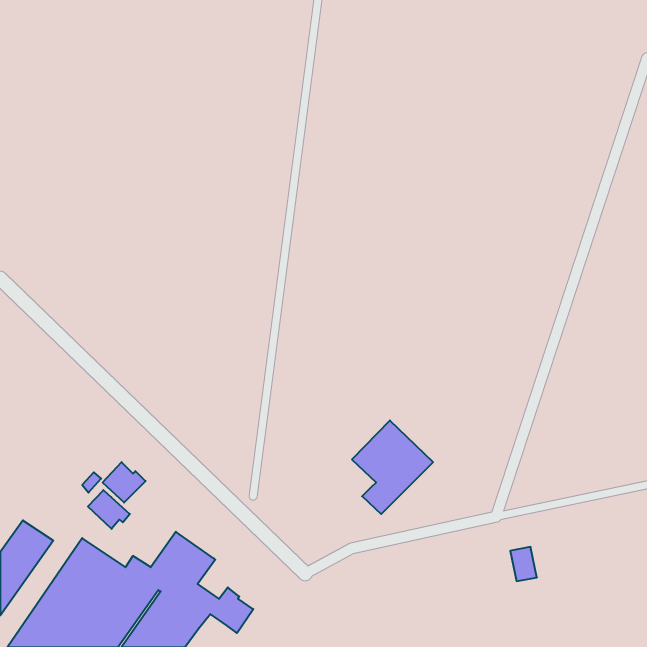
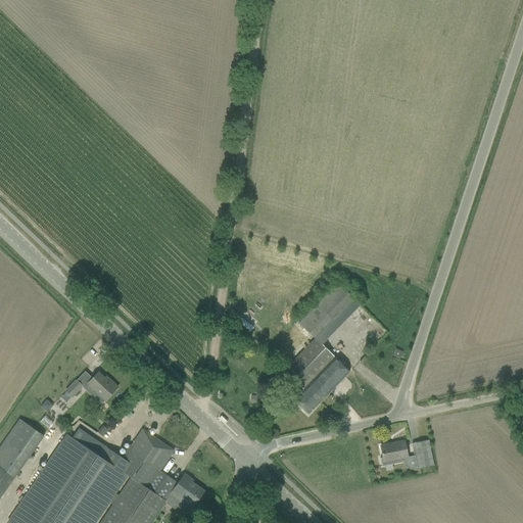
building: none -> [298,284,352,338]
building: [88,490,130,529] -> none
building: none -> [379,441,408,467]

